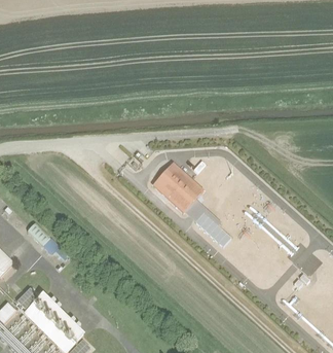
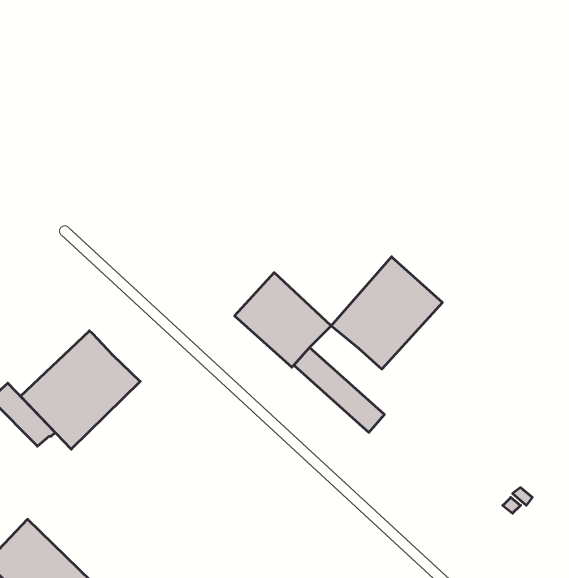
building: none -> [331,257,442,369]
building: none -> [20,331,140,449]

